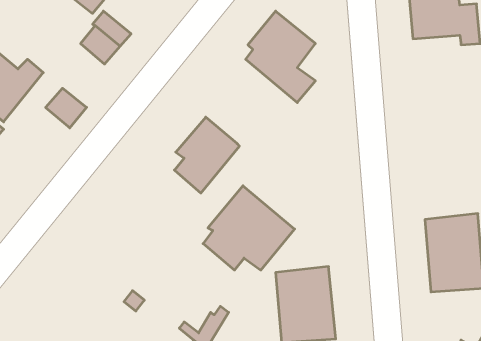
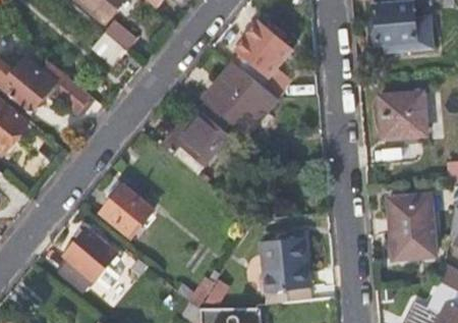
building: none -> [378,91,425,138]
building: [203,186,295,270] -> [201,61,278,132]
building: none -> [100,185,154,237]
building: none -> [60,227,117,290]

